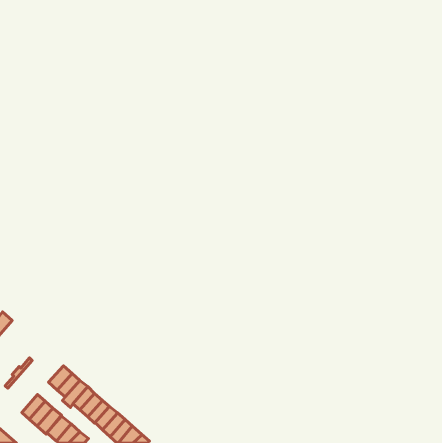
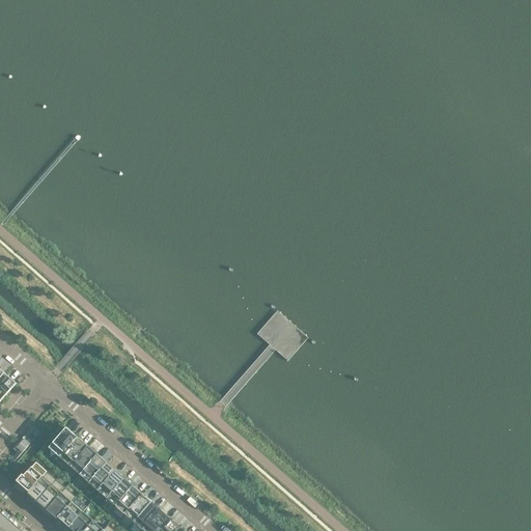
building: none -> [47,426,76,456]
building: none -> [15,462,45,492]

